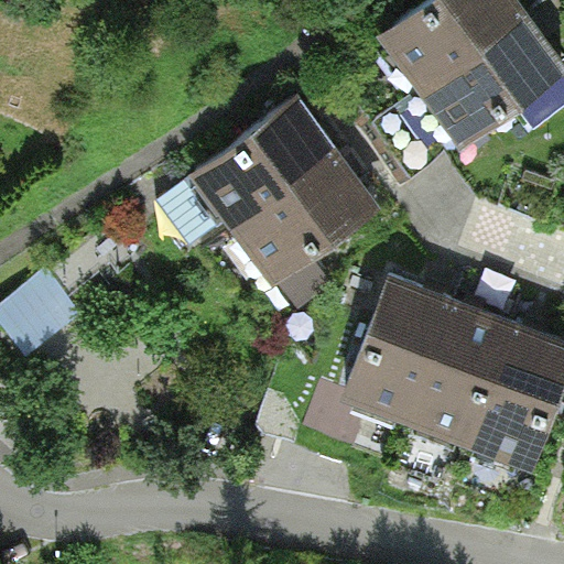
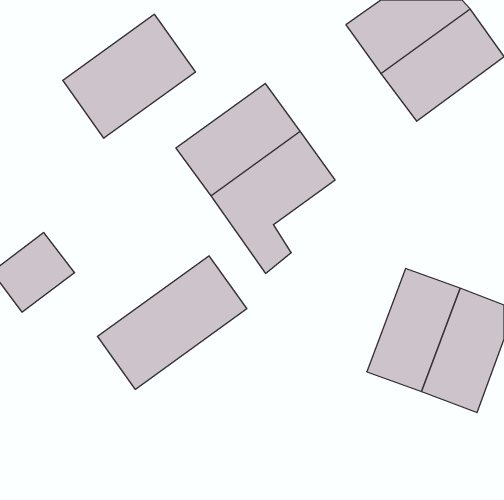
building: none -> [63,14,195,138]
building: [344,282,449,421] -> none
building: none -> [97,256,247,389]

